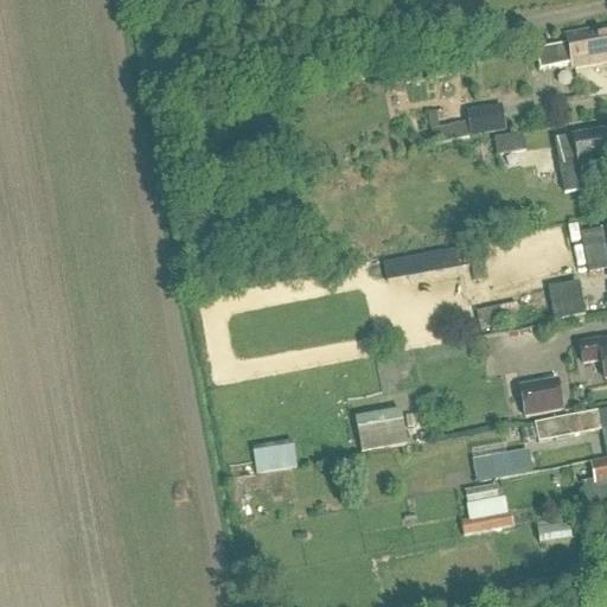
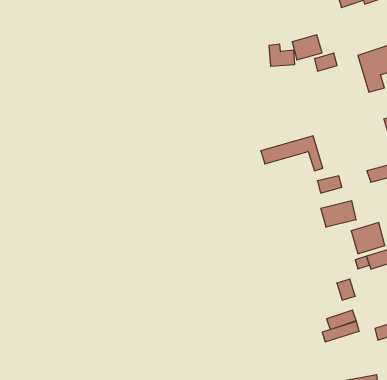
building: none -> [321,201,356,227]
building: [356,407,405,448] -> none
building: [256,442,299,467] -> none

